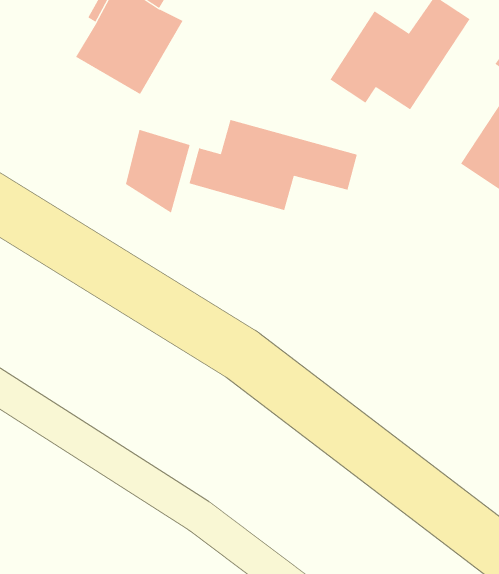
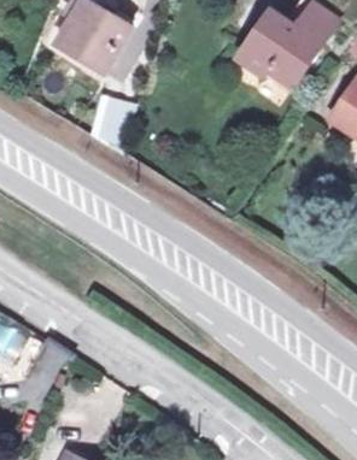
building: [189,119,358,211] -> none

